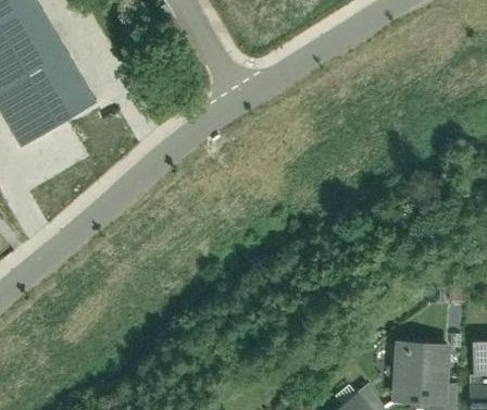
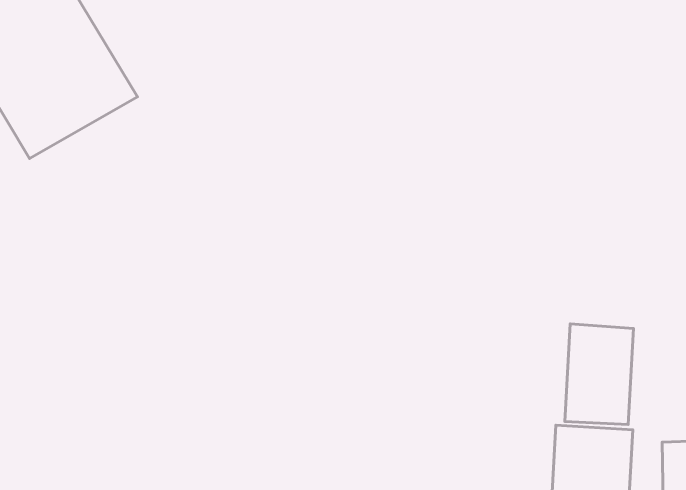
building: none -> [565,324,633,425]

